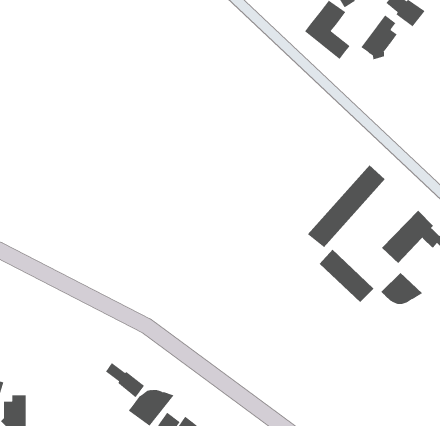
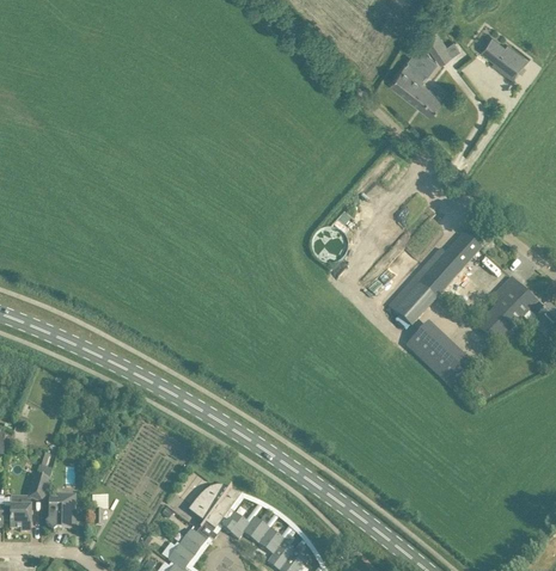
building: [361,15,398,60] -> none
building: [380,272,423,305] -> none
building: [105,362,145,398] -> none

